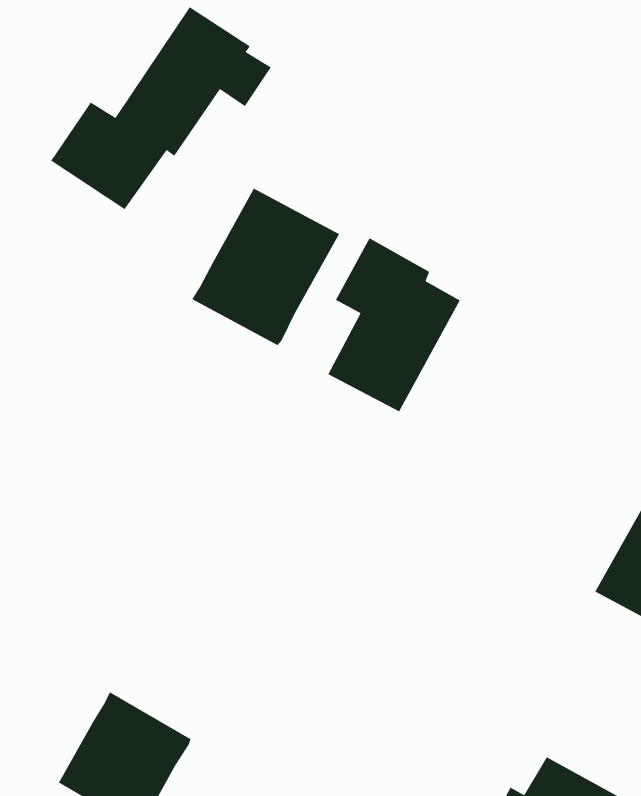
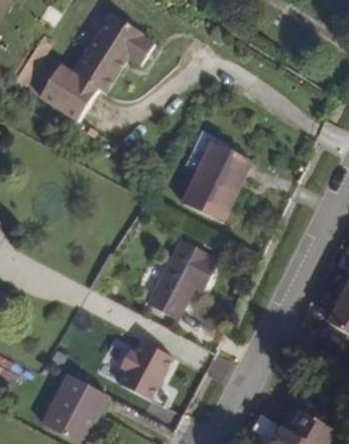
building: [191,187,340,346] -> none
building: none -> [147,240,217,316]
building: none -> [119,339,174,400]

